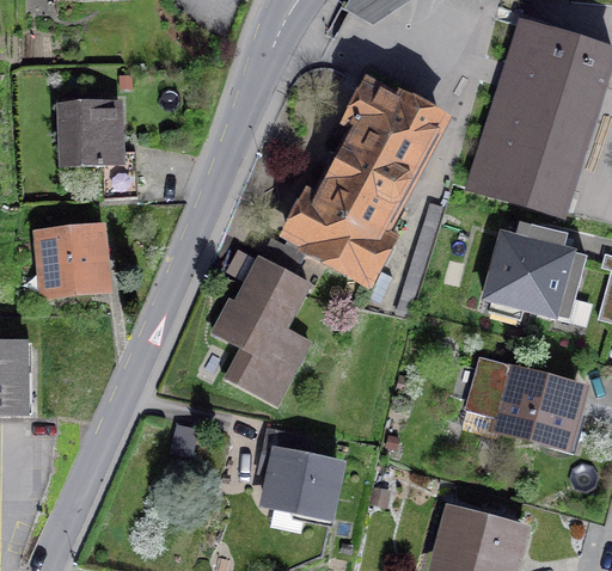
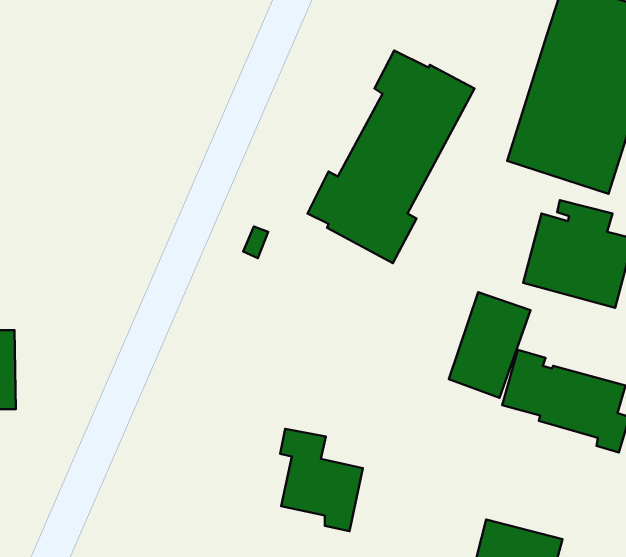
building: [61,100,137,196] -> none
building: [44,231,100,287] -> none
building: [213,233,308,400] -> none
building: none -> [449,292,531,398]

